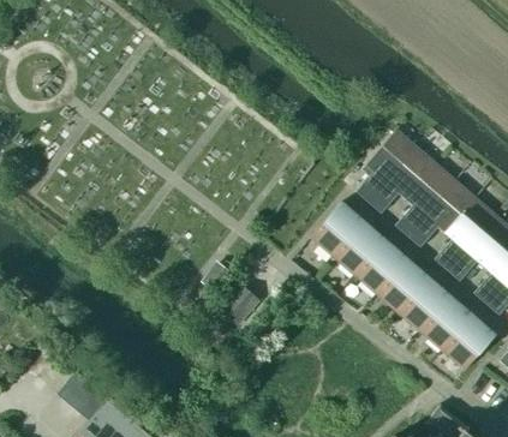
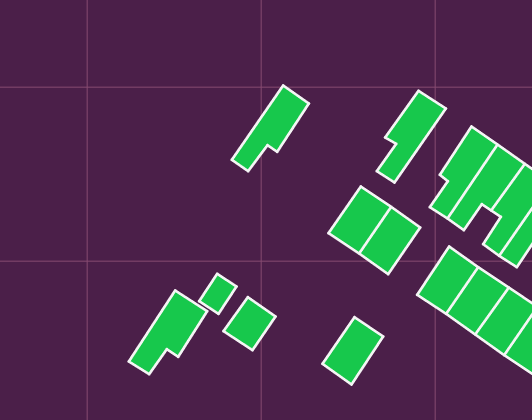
building: [370,148,437,214] -> [232,86,309,171]
building: [357,241,408,295] -> [322,317,383,385]
building: none -> [129,290,207,374]

